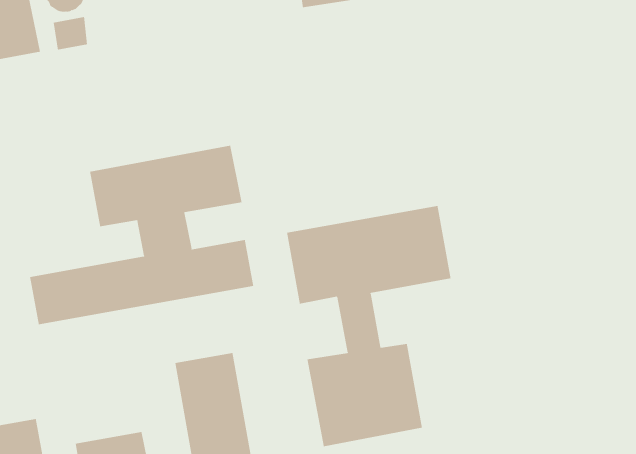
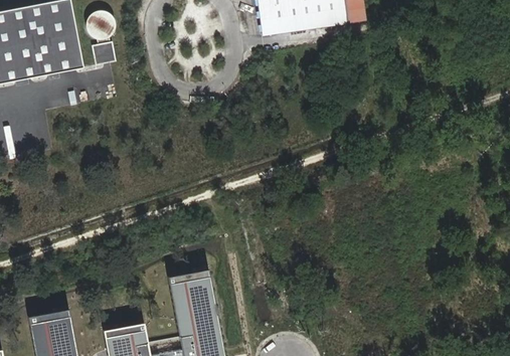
building: [30,145,254,325] -> none
building: [286,205,451,447] -> none

